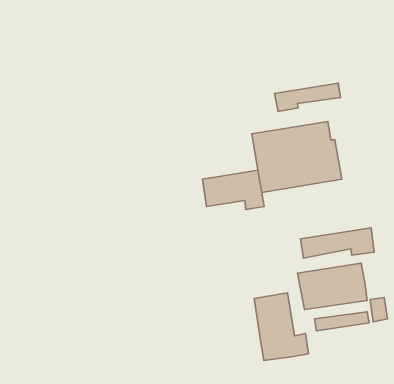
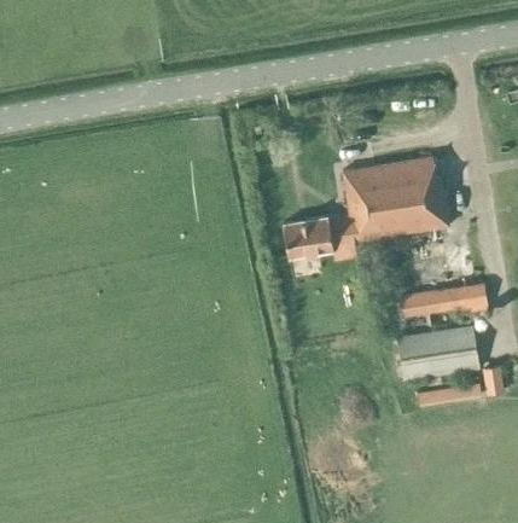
building: [275,83,340,112] -> none
building: [254,293,308,361] -> none

